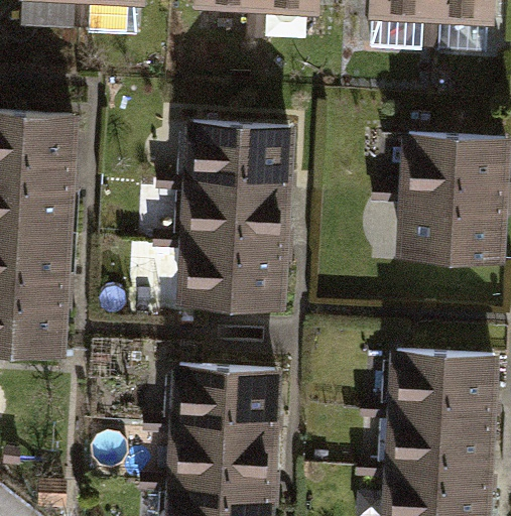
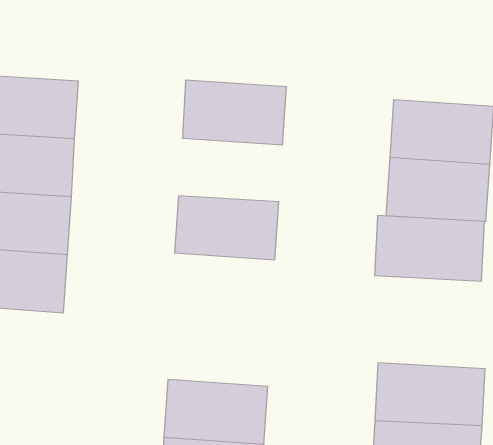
building: [183,177,290,243] -> none
building: [388,347,501,414] -> [375,215,485,281]
building: [172,366,279,432] -> none

